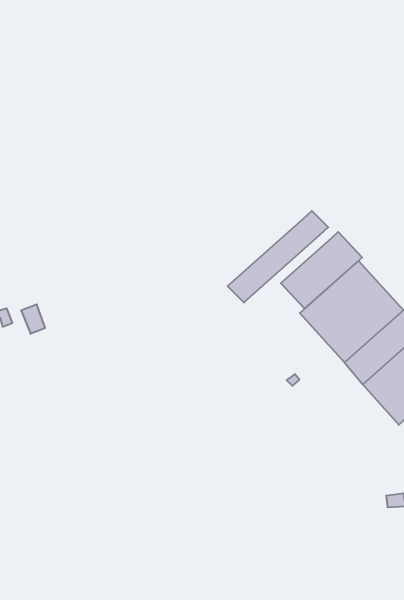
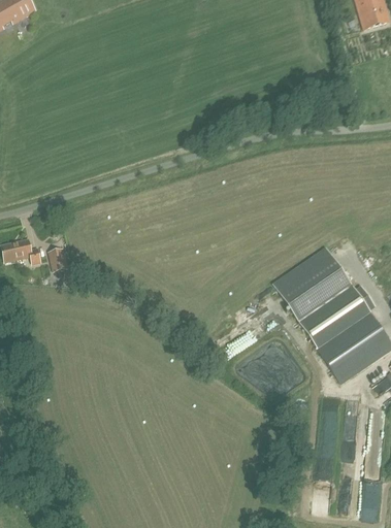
building: [228,211,328,303] -> none
building: [281,232,362,309] -> none

